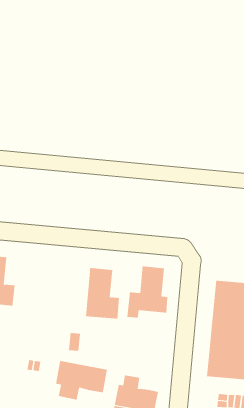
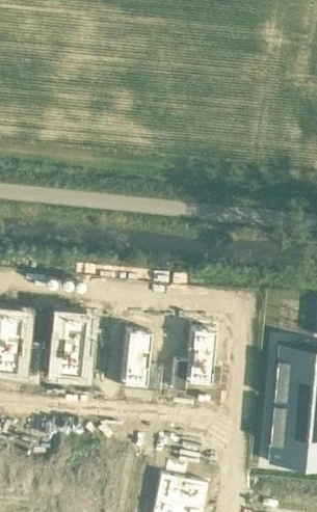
building: none -> [41,317,87,374]
building: [55,360,107,401] -> none

